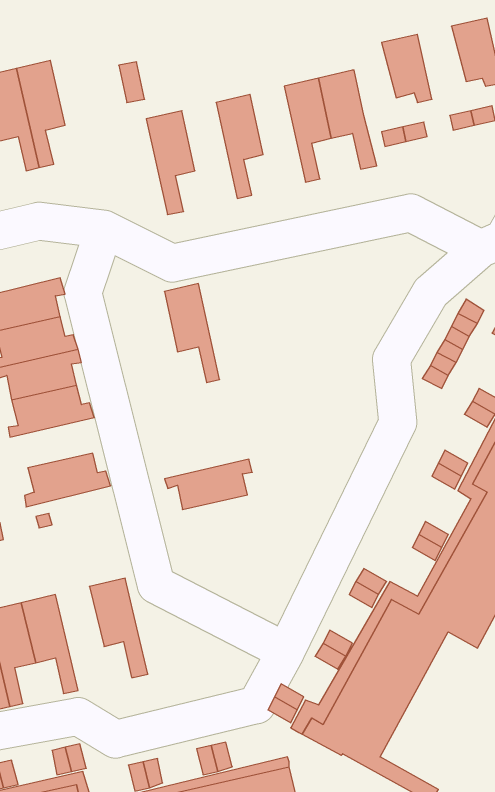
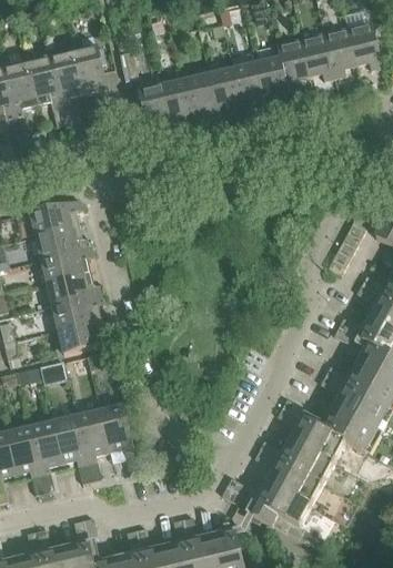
building: none -> [324,28,357,78]
building: none -> [276,39,310,89]
building: none -> [73,45,114,115]
building: none -> [210,69,248,136]
building: [164,284,220,383] -> [163,80,201,148]
building: [165,459,252,510] -> [46,295,105,329]
building: none -> [77,410,110,481]

